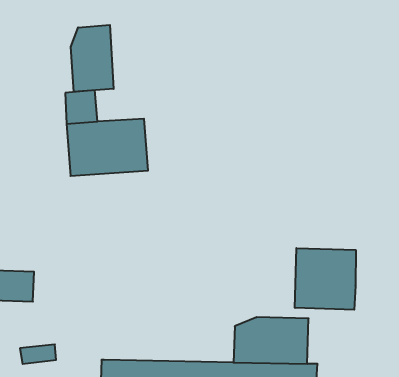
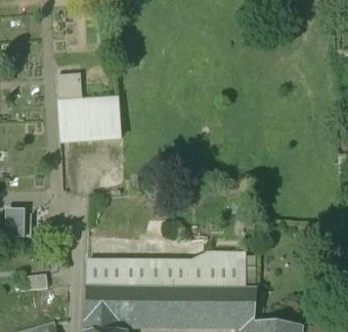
building: [71,25,114,92] -> none
building: [295,248,356,310] -> none
building: none -> [86,256,188,288]

